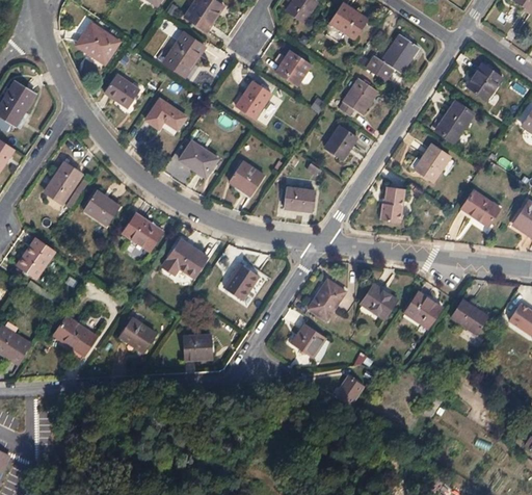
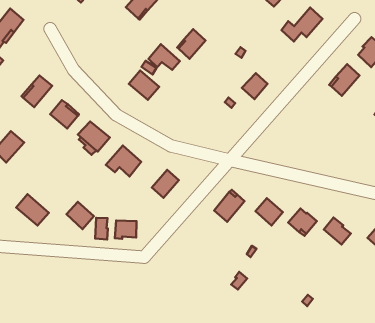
building: [274,49,311,85] -> none
building: [104,73,139,107] -> none
building: [339,78,376,115] -> none
building: [144,98,185,129] -> [148,44,180,70]
building: [414,142,450,180] -> none
building: [228,160,263,196] -> none
building: [379,185,404,220] -> none
building: [283,187,314,211] -> none
building: [460,188,500,225] -> none
building: [290,322,328,361] -> none
building: none -> [95,218,108,240]

